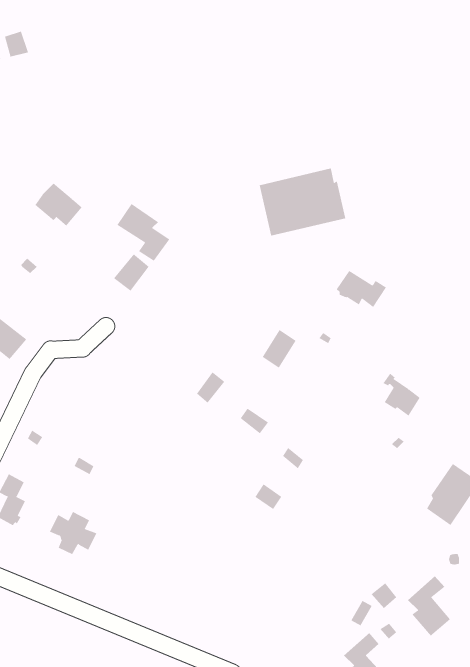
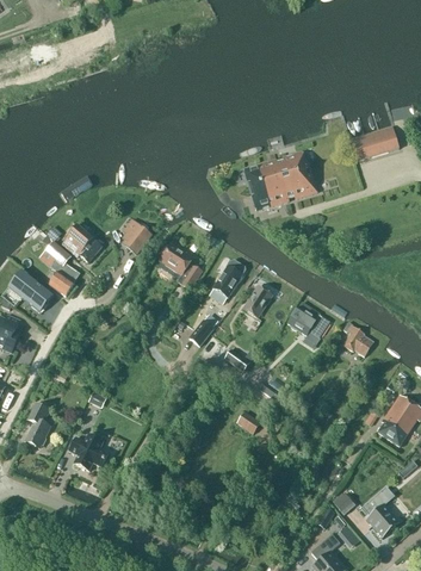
building: none -> [351,125,398,150]
building: [35,183,83,227] -> [62,225,101,261]
building: [116,203,170,261] -> [159,242,203,290]
building: [336,270,387,308] -> [287,306,329,337]
building: none -> [42,243,80,294]
building: none -> [213,259,242,297]

